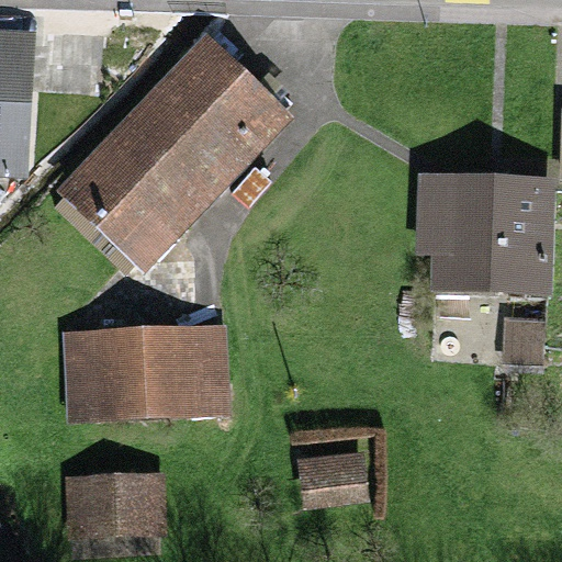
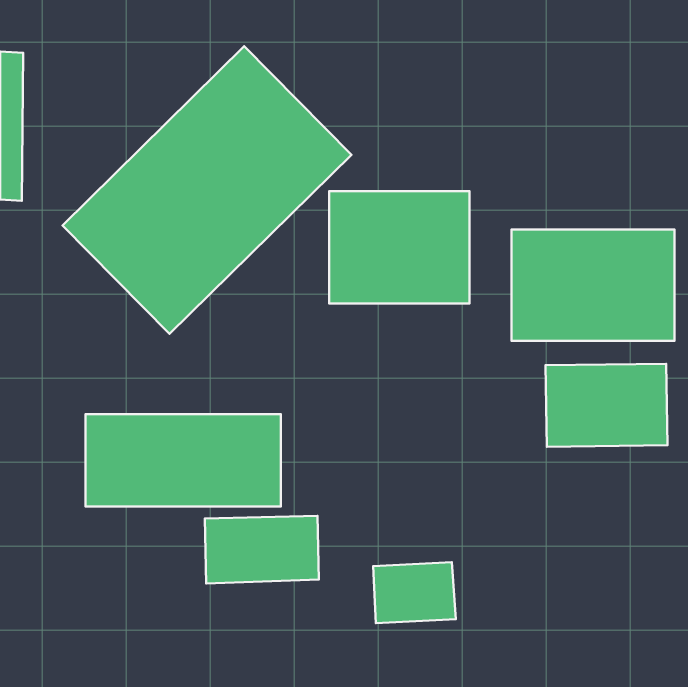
building: none -> [329,191,469,303]
building: [72,480,165,535] -> [205,516,319,584]

